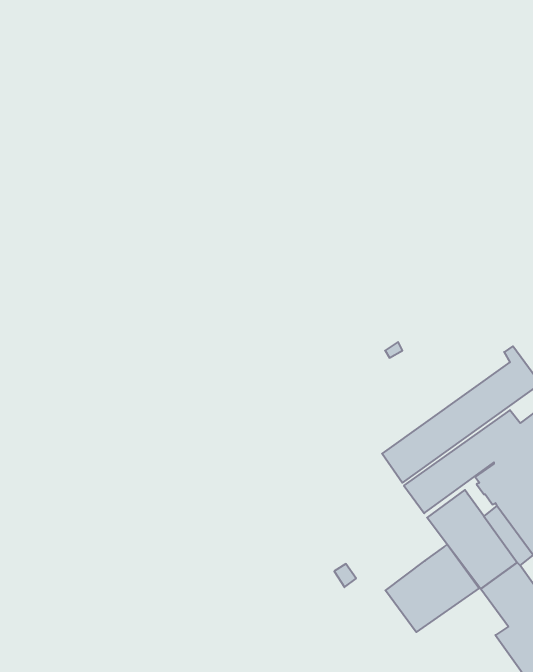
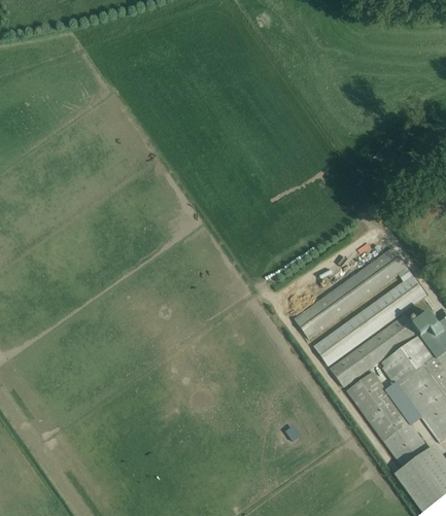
building: none -> [295,247,407,339]
building: [385,544,479,632] -> none

